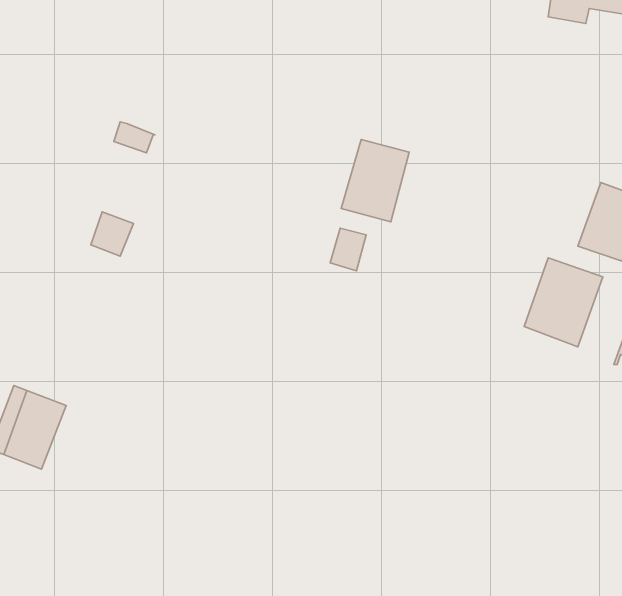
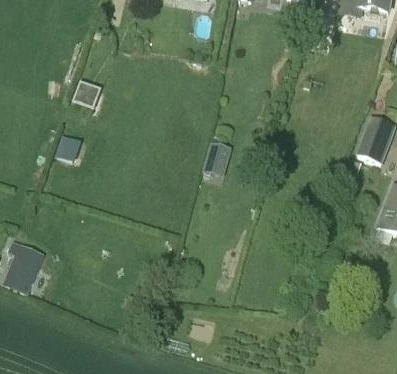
building: [341,140,409,222] -> none
building: [524,258,603,347] -> none

